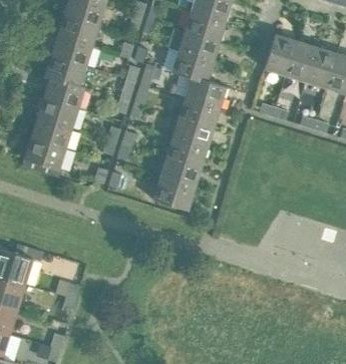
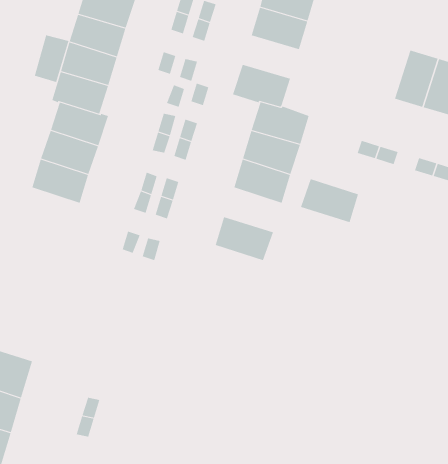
building: none -> [34,34,69,83]
building: [179,31,219,61] -> none
building: [264,34,296,75] -> none
building: [24,137,65,169] -> none
building: [165,137,207,168] -> [300,178,359,223]
building: [152,177,194,210] -> none

